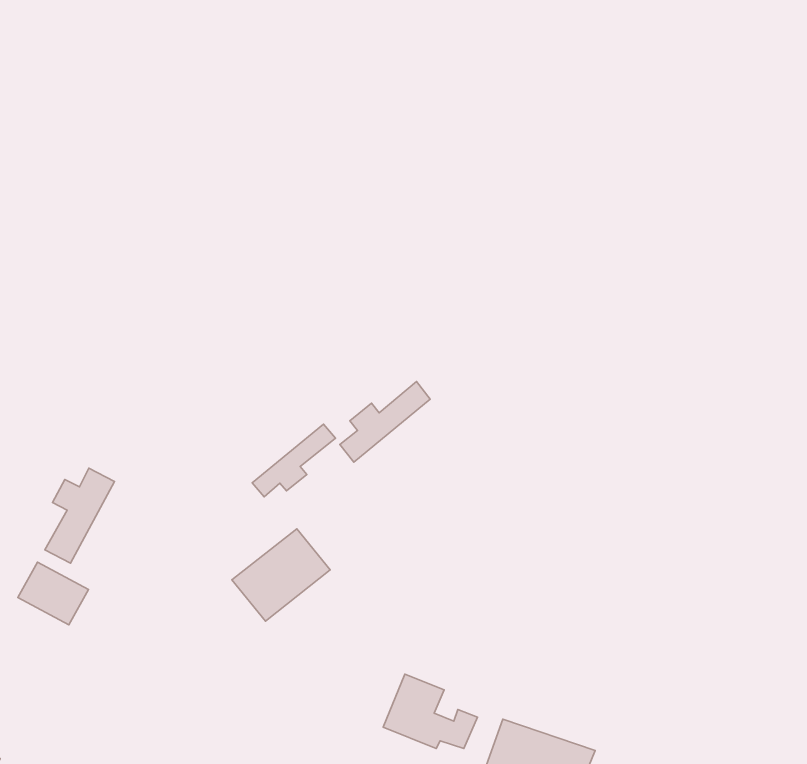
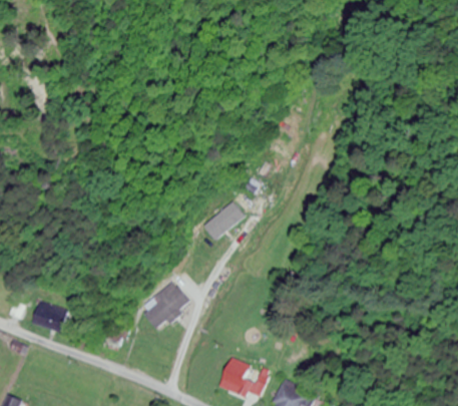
building: [252,424,335,497] -> none
building: [45,468,115,563] -> none

